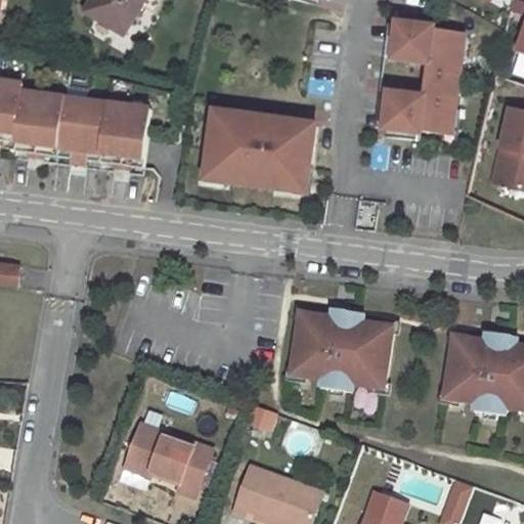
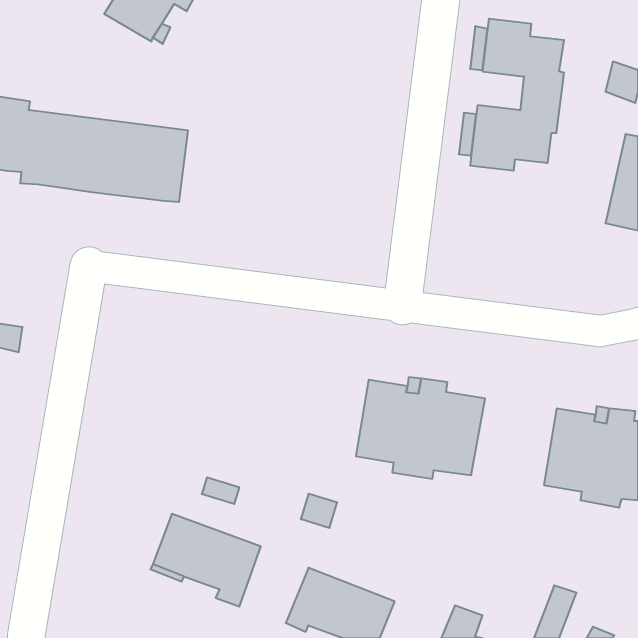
building: [210,113,318,188] -> none

